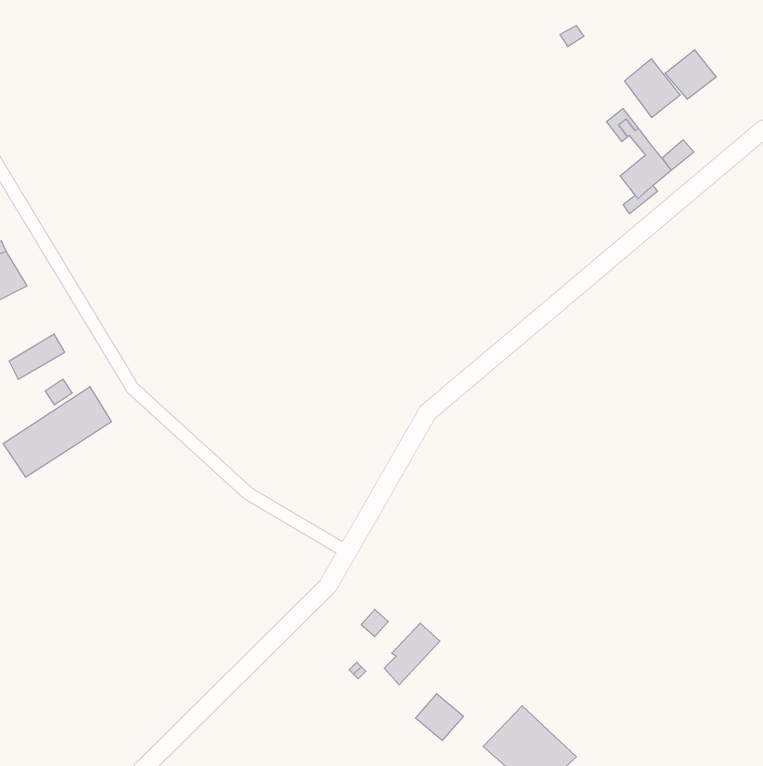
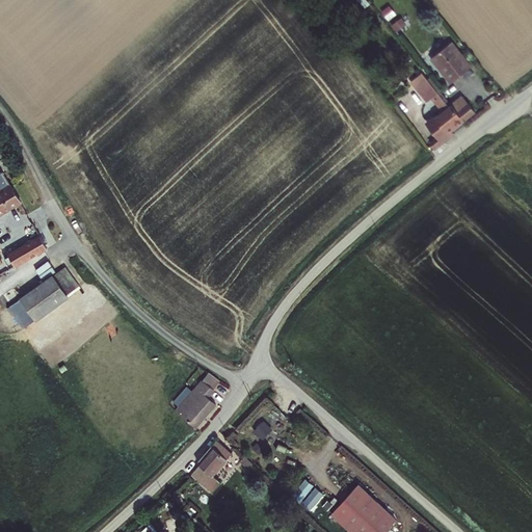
building: [665,50,716,99] -> none
building: none -> [172,381,213,426]
building: [384,623,440,685] -> [193,442,232,484]

